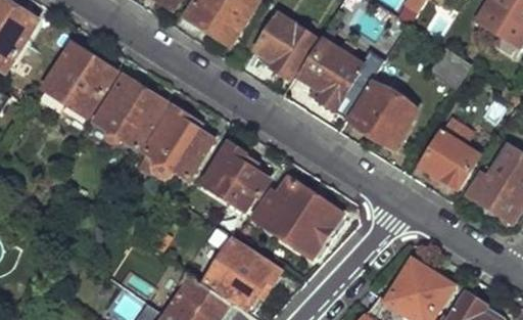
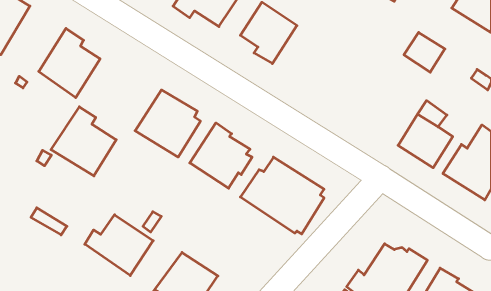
building: [299,33,362,111] -> none
building: [350,68,416,151] -> none
building: [94,75,162,147] -> [51,107,116,176]
building: none -> [85,215,153,276]
building: [207,239,280,309] -> none

